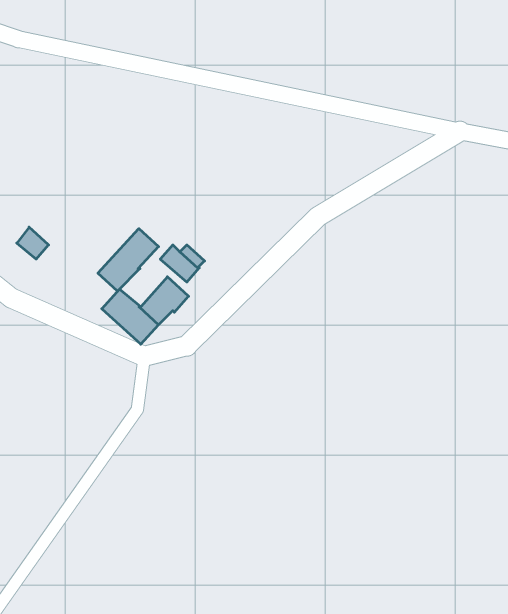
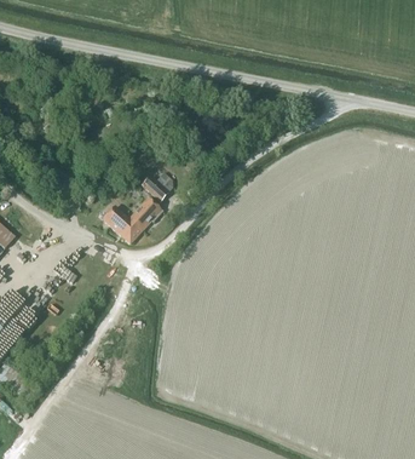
building: [98,229,159,291] -> none

